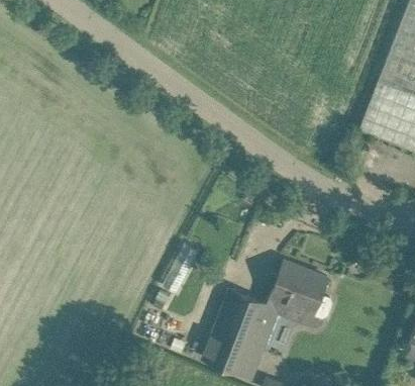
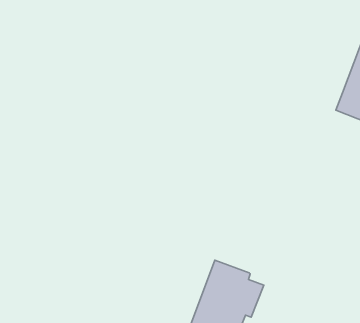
building: [269,261,334,324] -> none

